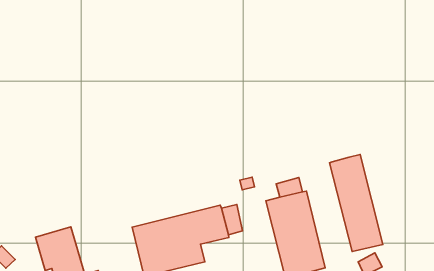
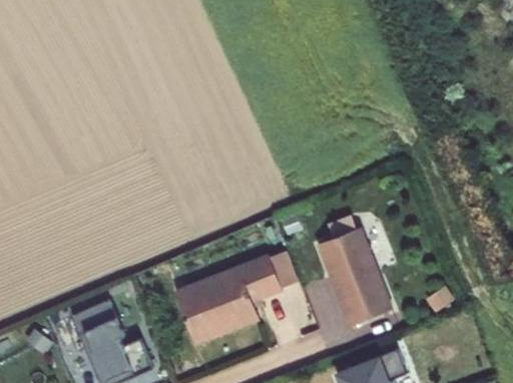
building: [329,154,383,251] -> none

